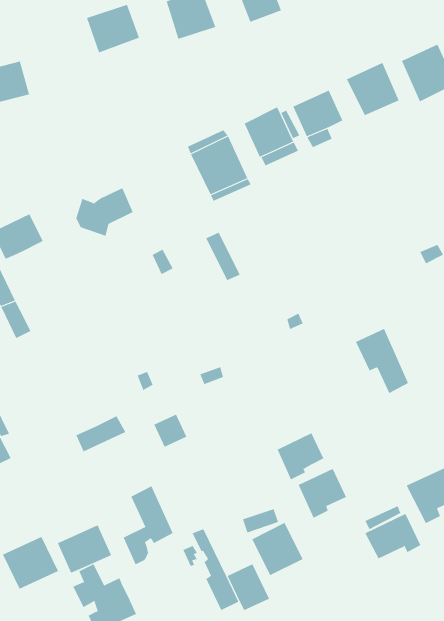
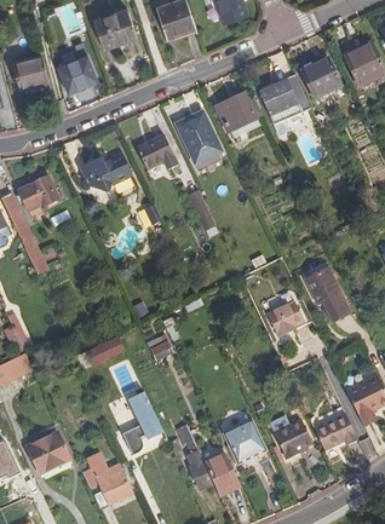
building: none -> [58,56,97,92]
building: none -> [137,134,178,169]
building: [277,433,324,480] -> [268,300,305,338]
building: [298,468,347,518] -> [274,420,312,460]
building: [57,525,112,573] -> none

